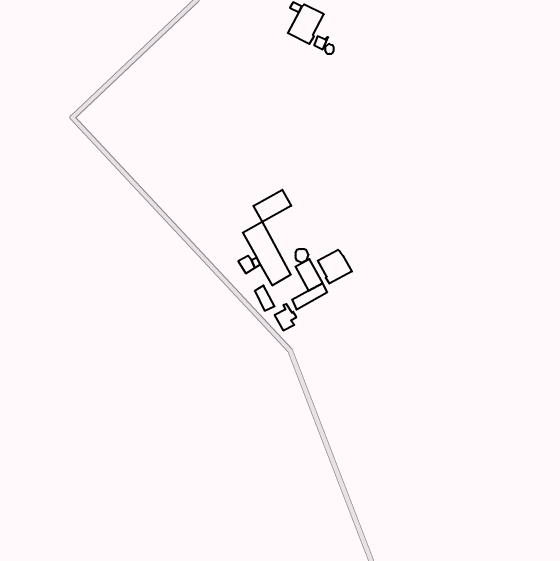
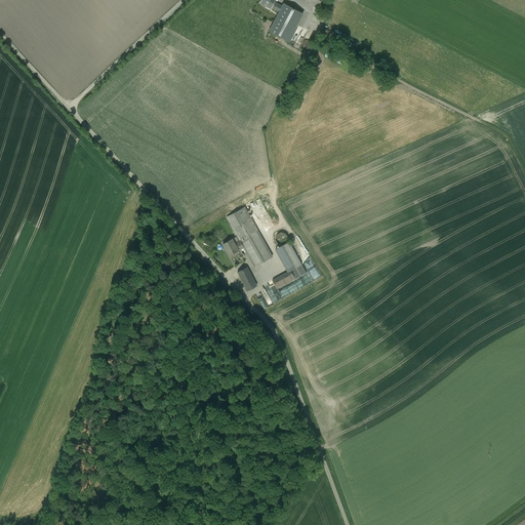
building: [253,190,291,222] -> none
building: [318,250,352,284] -> none

